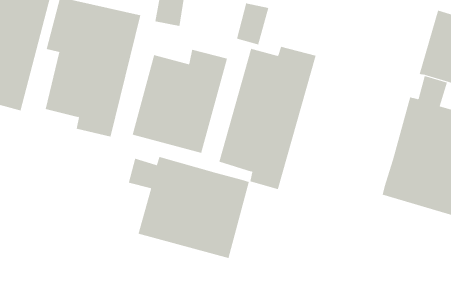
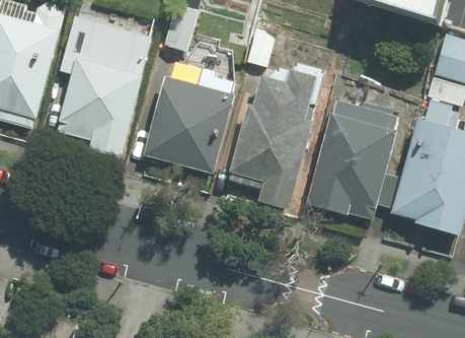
building: none -> [303,97,400,223]
building: [128,156,249,259] -> none

